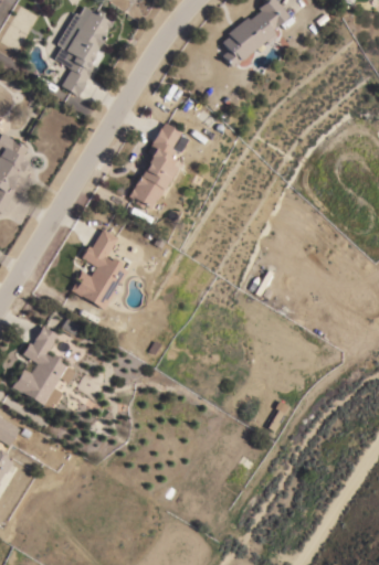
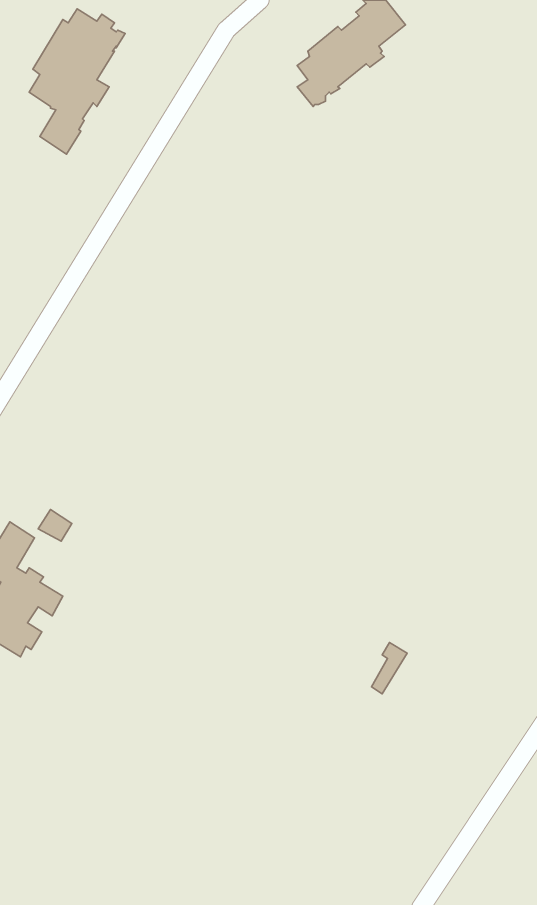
building: [128,122,181,209] -> none
building: [71,230,128,310] -> none

